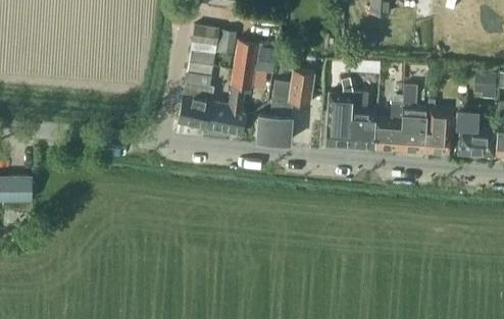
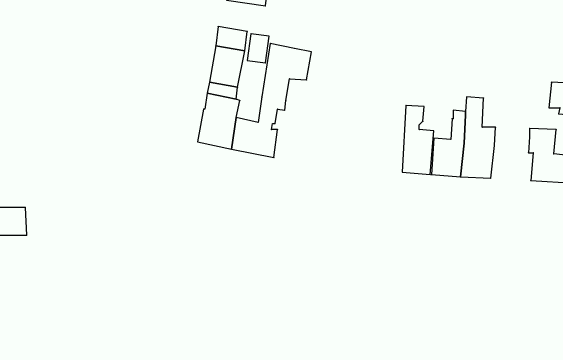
building: [257,68,314,143] -> none
building: [325,77,353,147] -> none
building: [424,99,453,154] -> none

